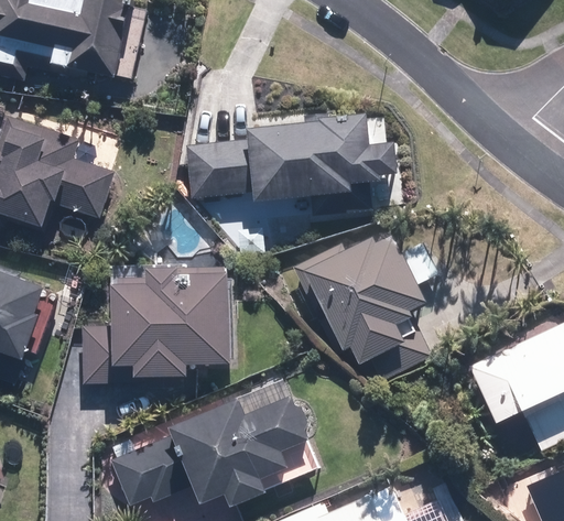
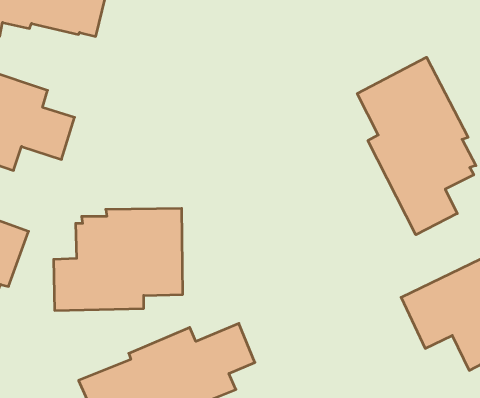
building: none -> [357,57,476,235]
building: [187,119,392,198] -> none
building: [294,236,433,378] -> none

